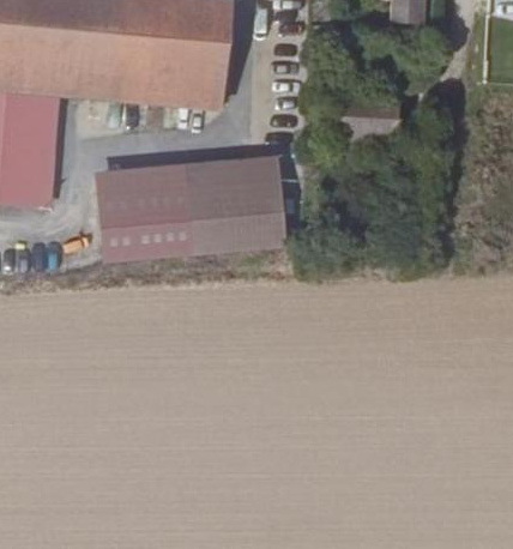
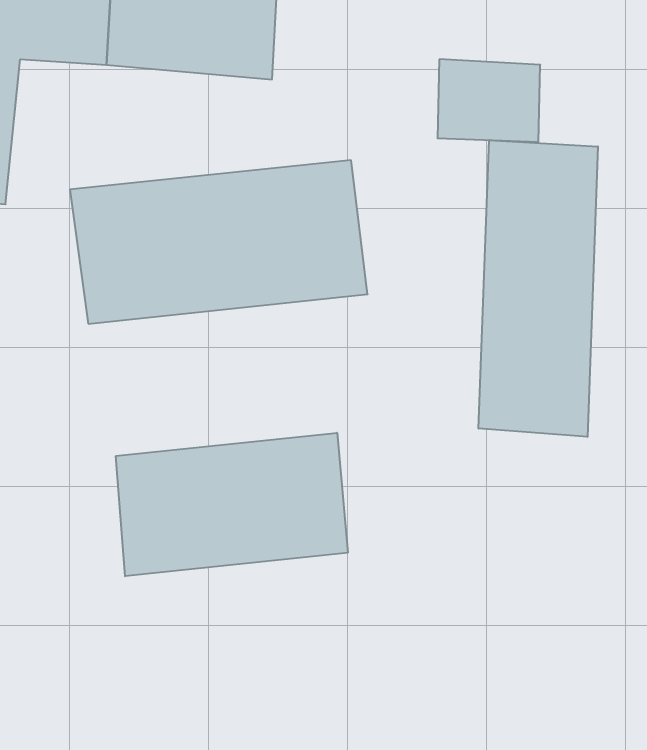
building: none -> [479,140,598,437]
building: none -> [116,433,348,576]

